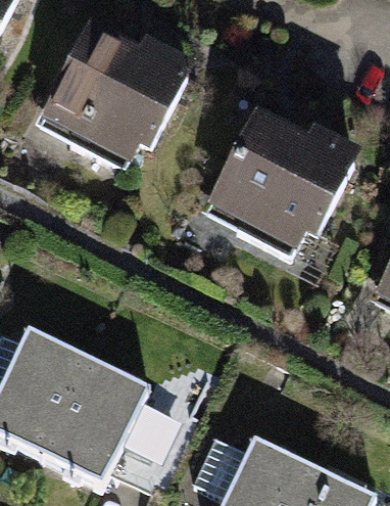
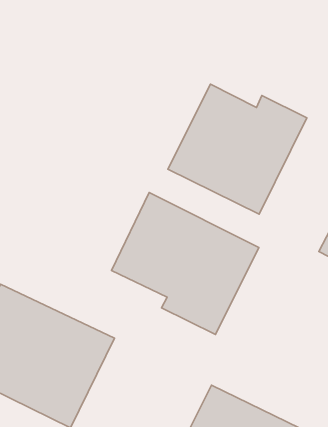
building: [36,24,192,168] -> none
building: none -> [112,193,259,335]

